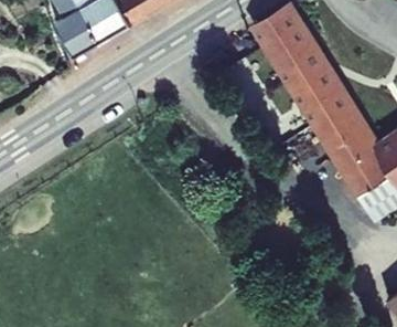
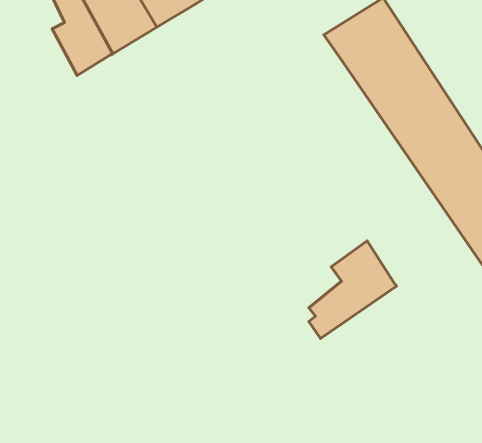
building: none -> [309,241,396,339]

